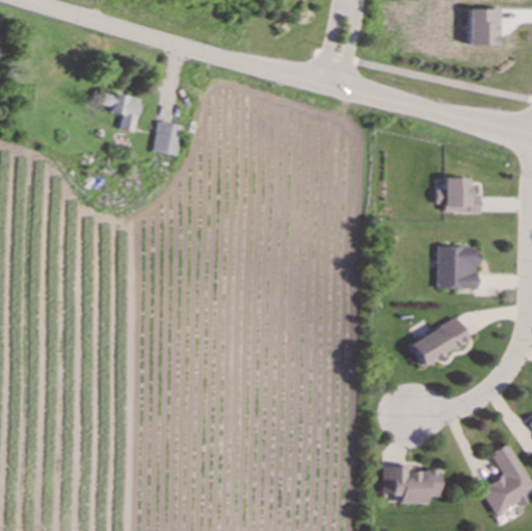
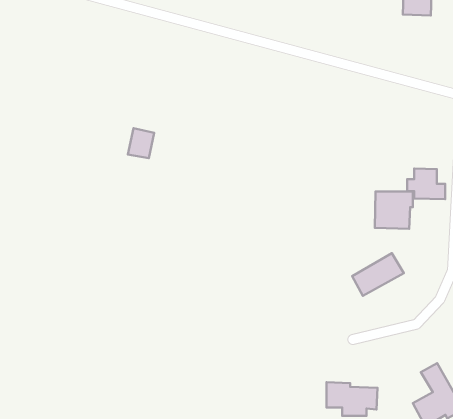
building: [103,92,141,132] -> none
building: [154,122,184,156] -> [128,128,154,158]
building: [436,178,480,213] -> [407,168,445,199]

